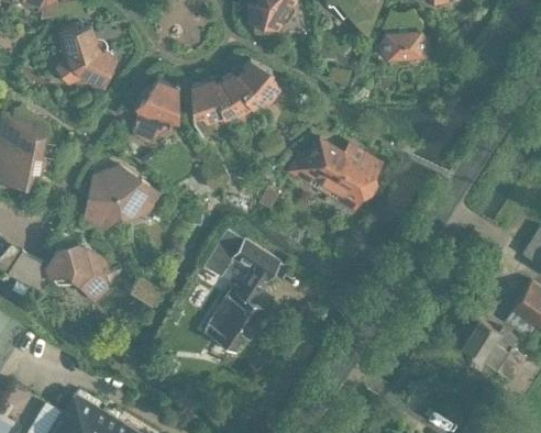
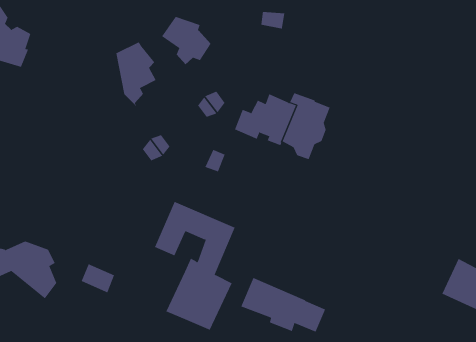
building: [217,73,254,116] -> none
building: [133,80,178,143] -> none
building: [84,166,162,231] -> none
building: none -> [241,277,326,332]

